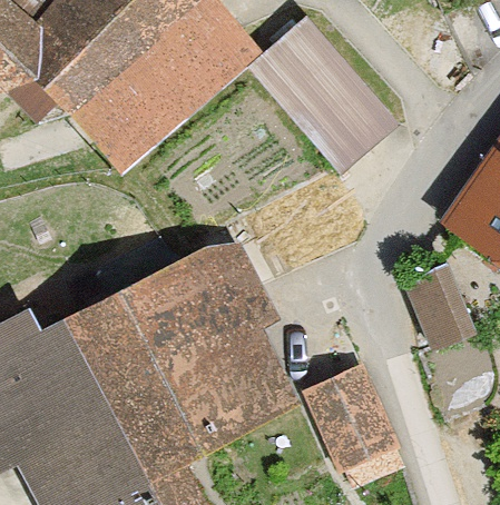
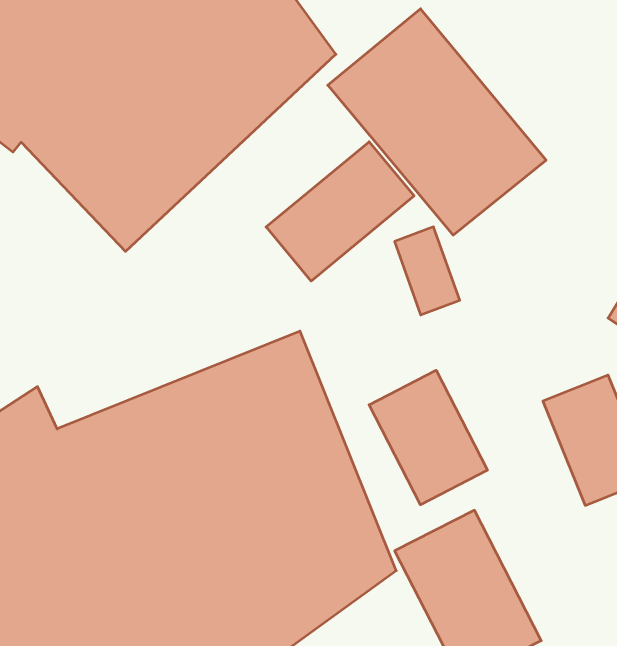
building: none -> [266,142,414,281]
building: none -> [369,370,487,505]

